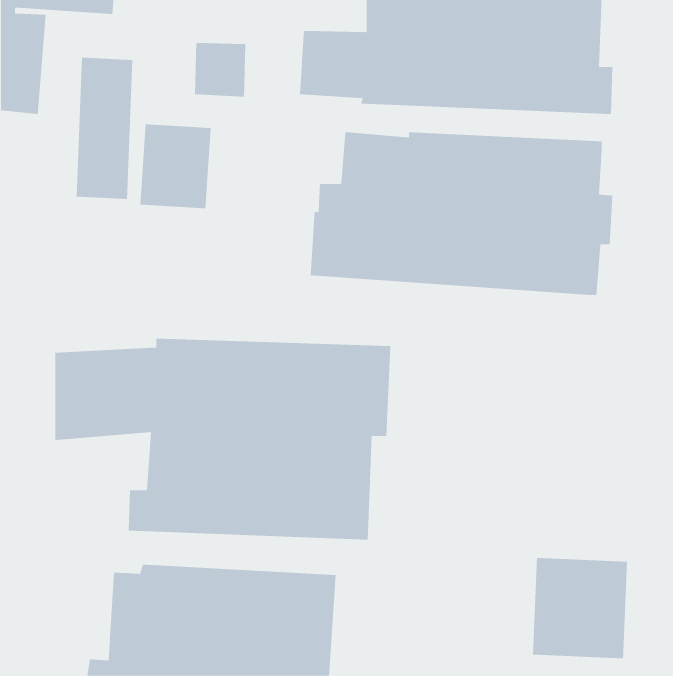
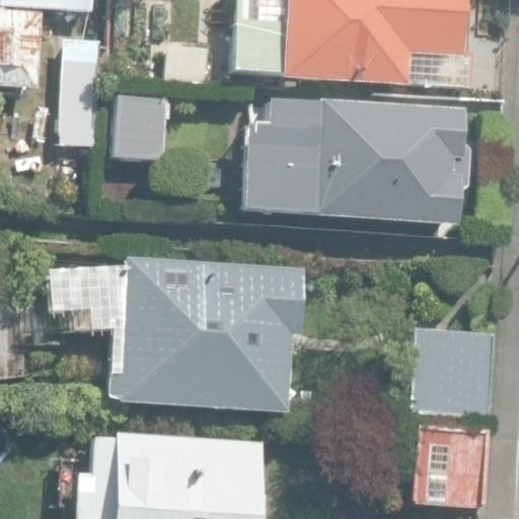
building: none -> [405,328,492,417]

